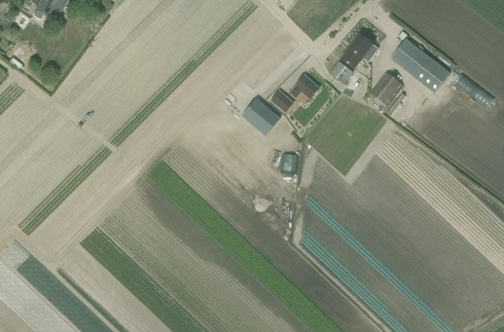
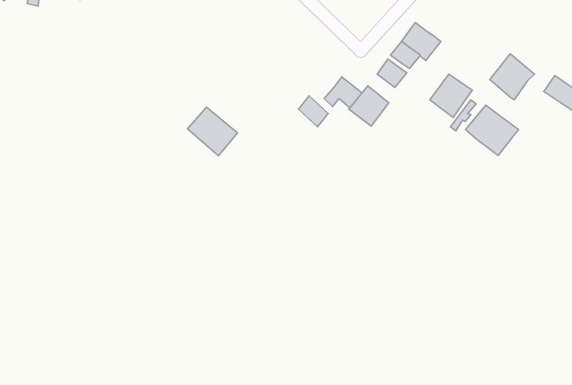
building: [391,38,431,76] -> [465,105,518,155]
building: none -> [349,86,389,126]
building: [241,100,279,137] -> [187,107,238,156]

